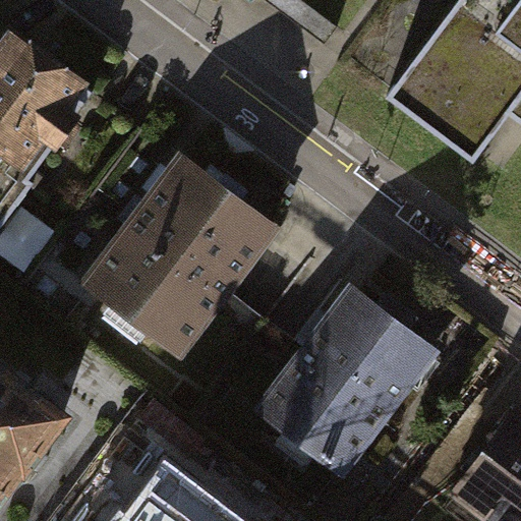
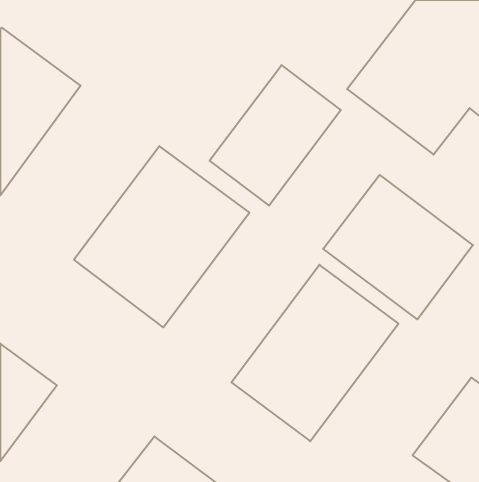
building: none -> [210,65,341,206]
building: none -> [323,175,473,319]

